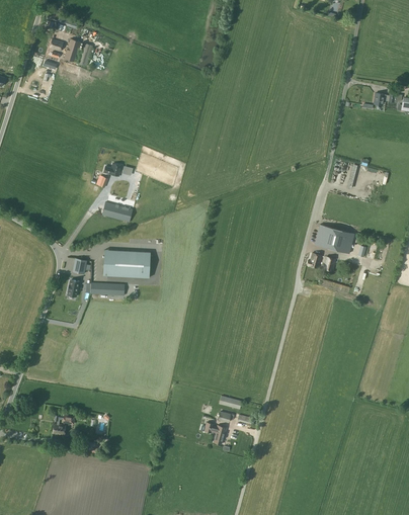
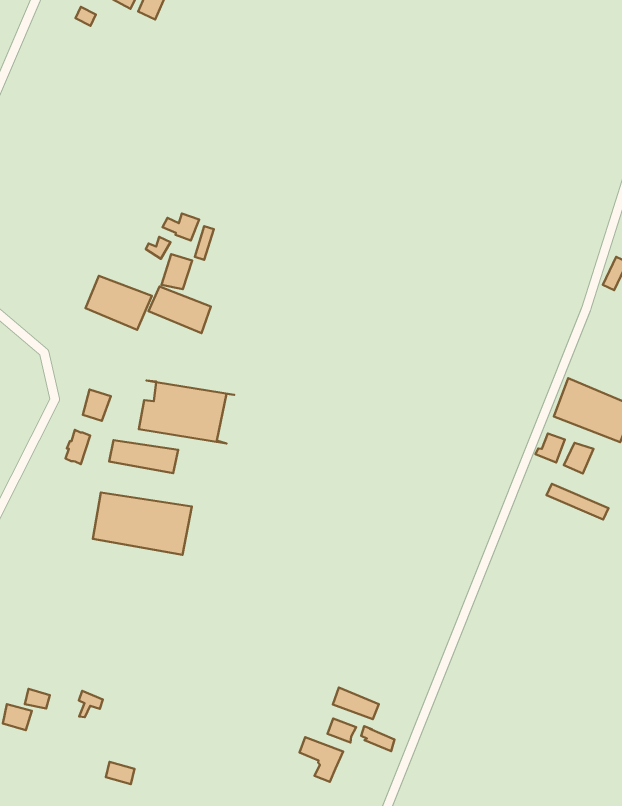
building: none -> [85,276,152,330]
building: none -> [93,492,192,555]

